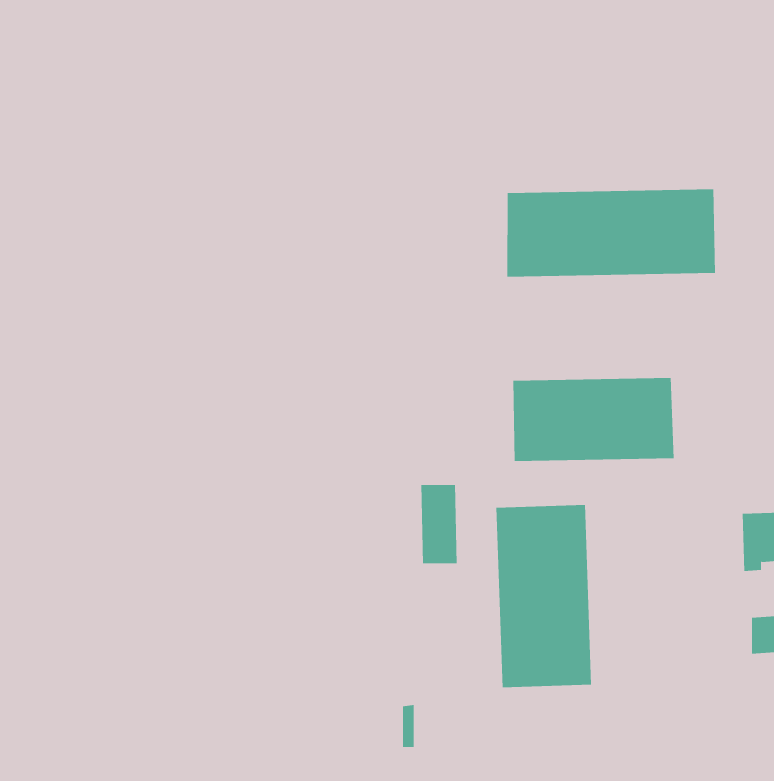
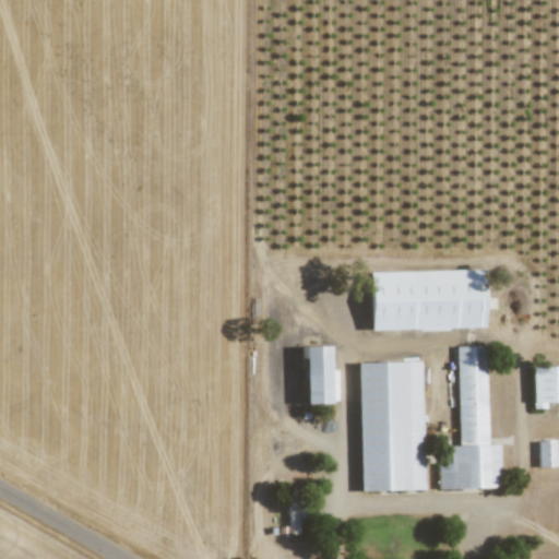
building: [507,189,715,277] -> none
building: none -> [441,346,502,488]

